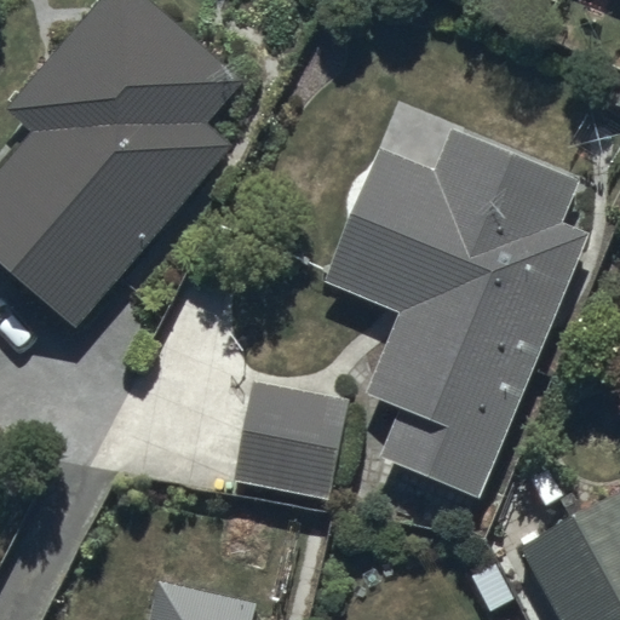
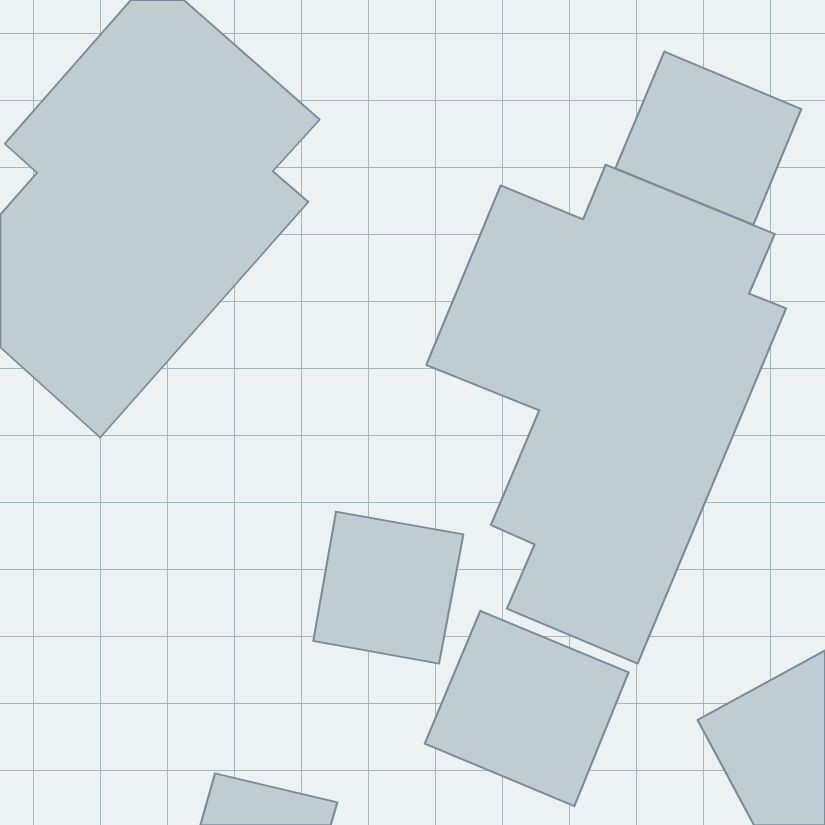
building: none -> [616,51,801,225]
building: none -> [425,611,629,806]

